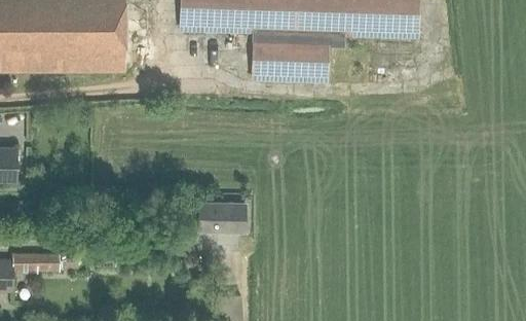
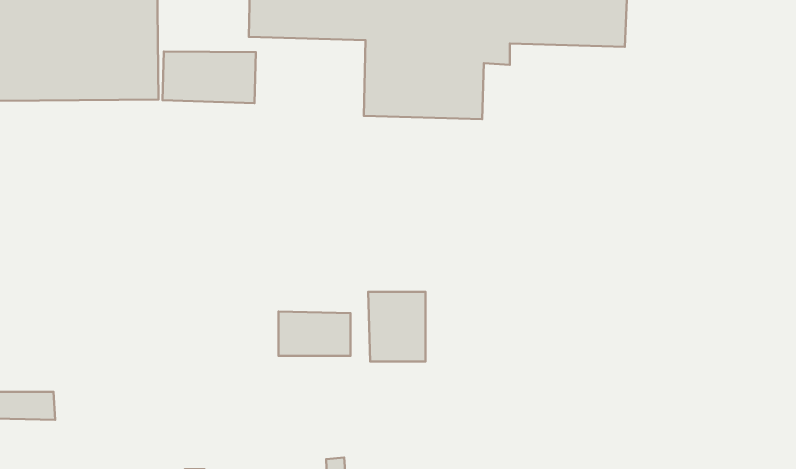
building: none -> [162,51,256,103]
building: none -> [368,292,426,361]

